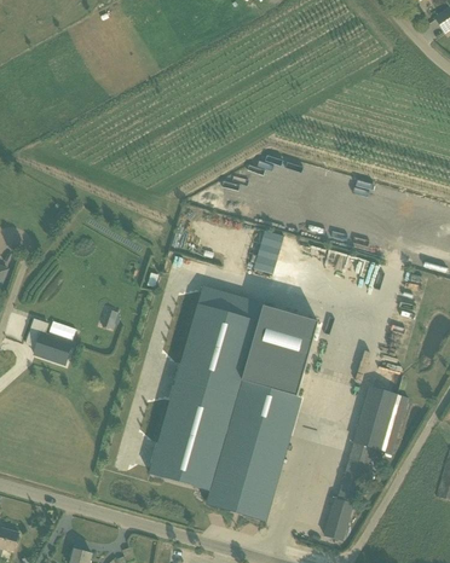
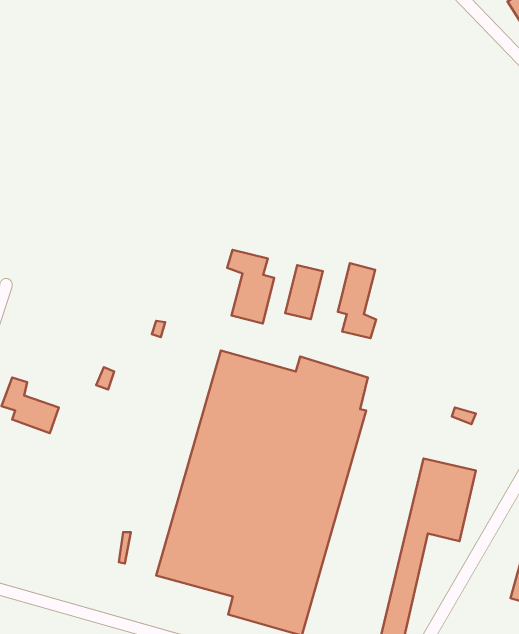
building: none -> [227,250,274,323]
building: none -> [338,263,376,338]

